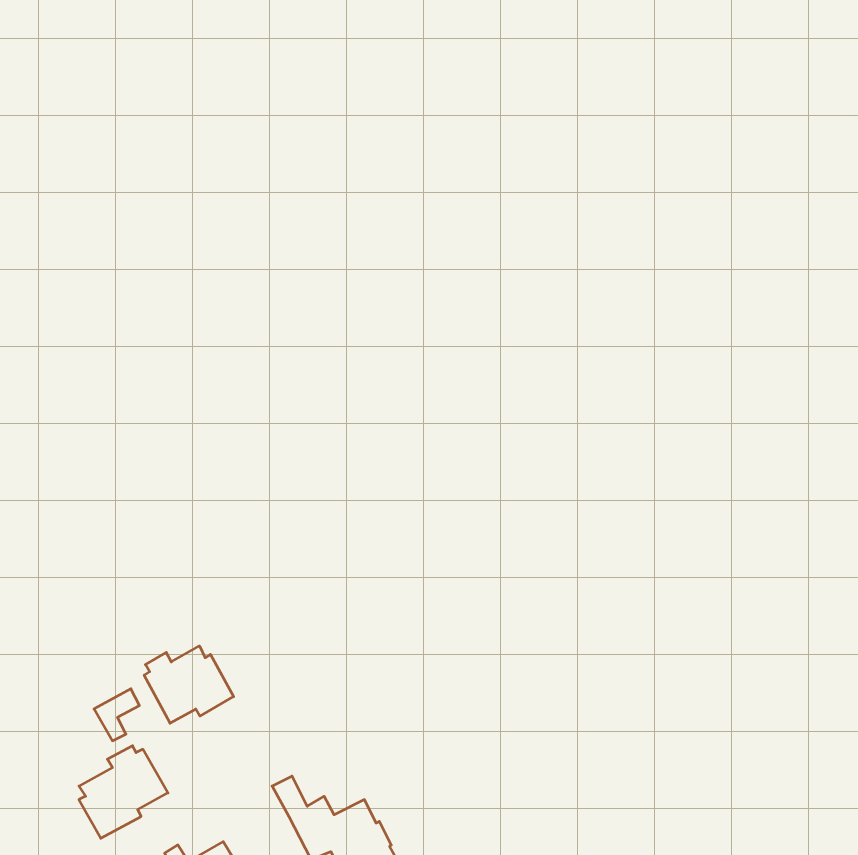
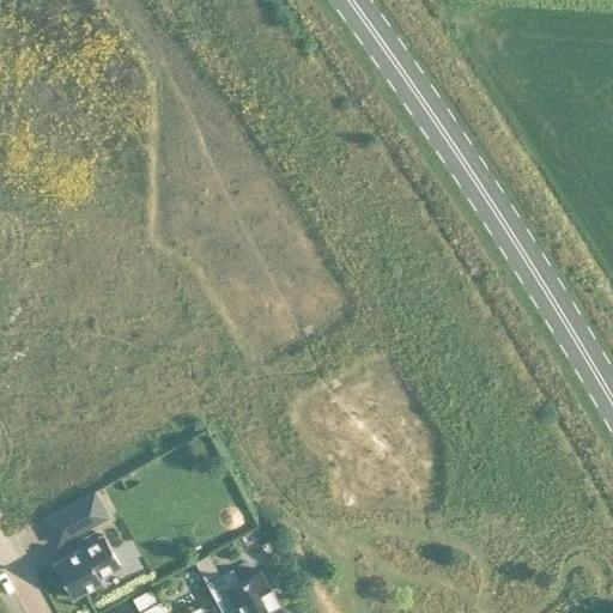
building: [144,646,234,723] -> none

